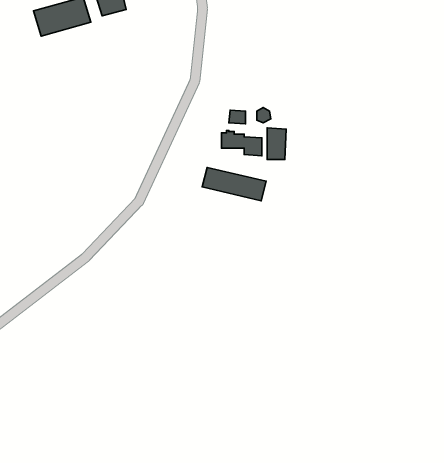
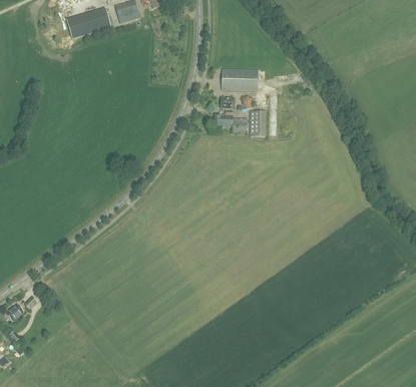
building: none -> [221,67,257,88]
building: [202,168,266,201] -> none

